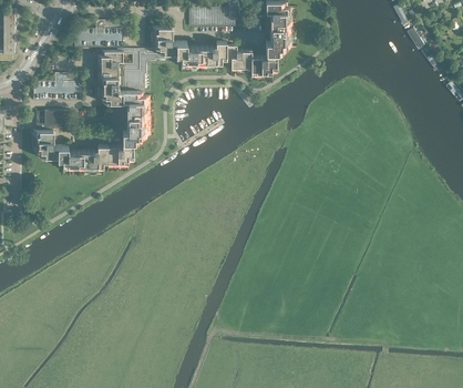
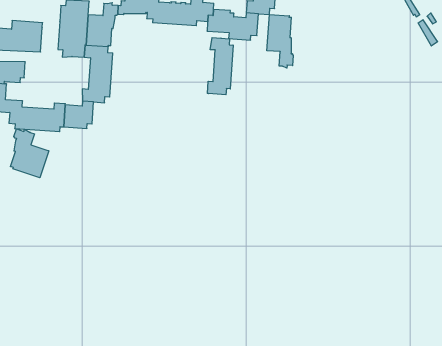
building: none -> [267,14,293,68]
building: none -> [207,38,233,95]
building: none -> [10,129,49,178]

